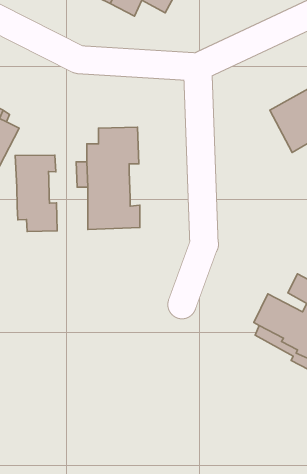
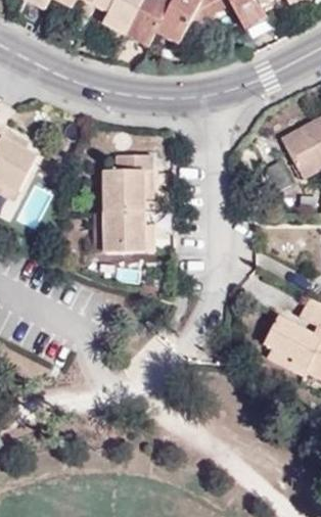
building: [15,155,57,231] -> none

